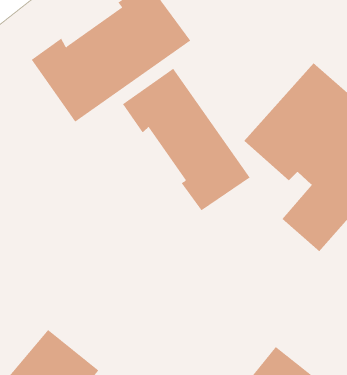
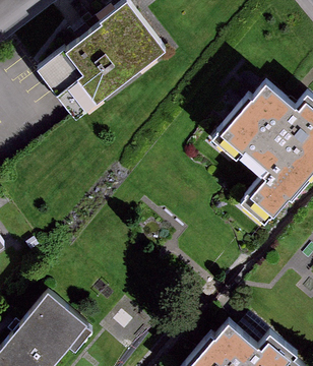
building: [122,68,251,211] -> none

